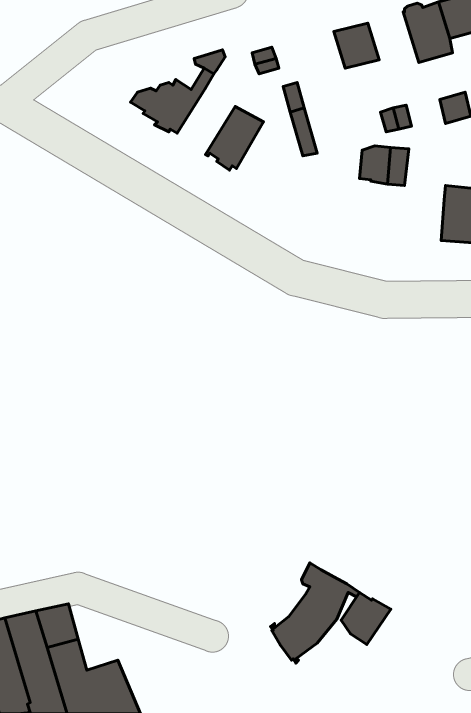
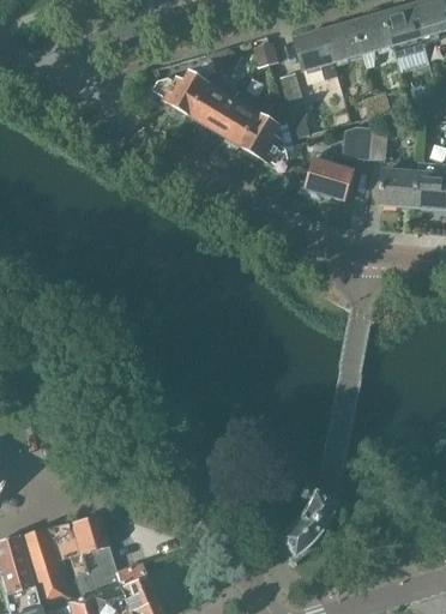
building: none -> [352,12,392,66]
building: none -> [294,29,338,78]
building: none -> [191,77,240,133]
building: none -> [241,112,295,167]
building: none -> [297,152,354,199]
building: none -> [379,169,417,206]
building: [341,593,391,645] -> none

